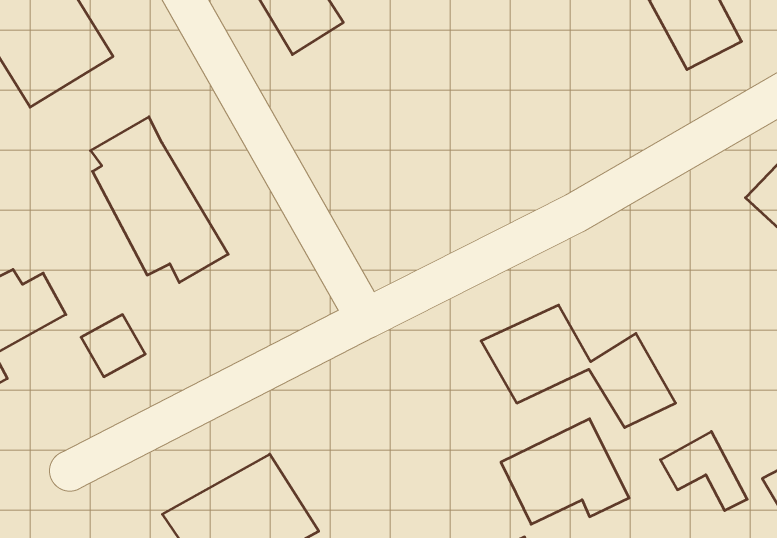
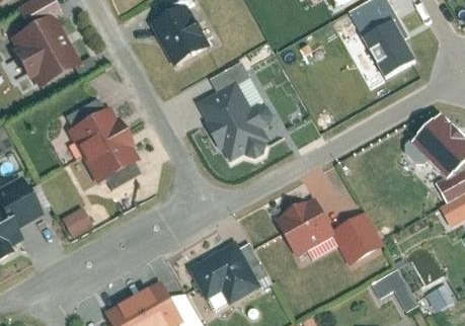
building: none -> [199,62,269,161]
building: [501,419,629,524] -> [189,243,258,300]

